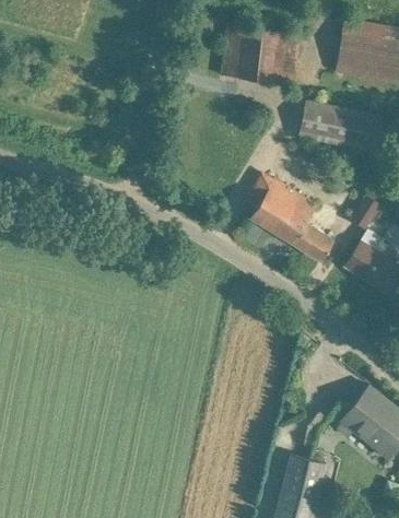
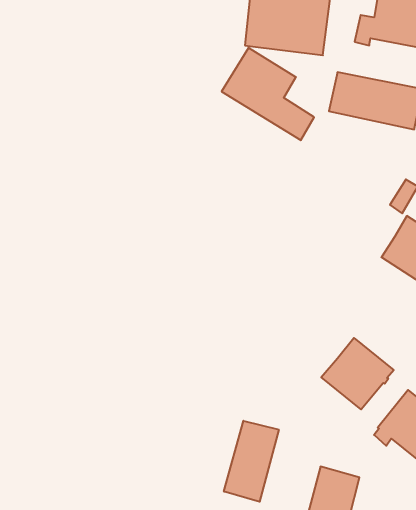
building: [250,179,333,262] -> [222,48,314,140]
building: none -> [321,338,394,409]
building: none -> [224,421,279,502]

